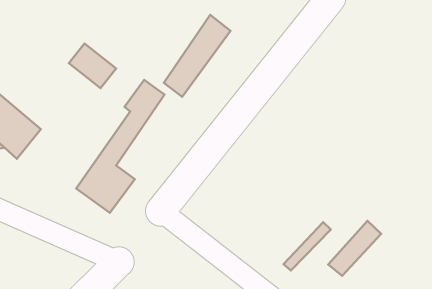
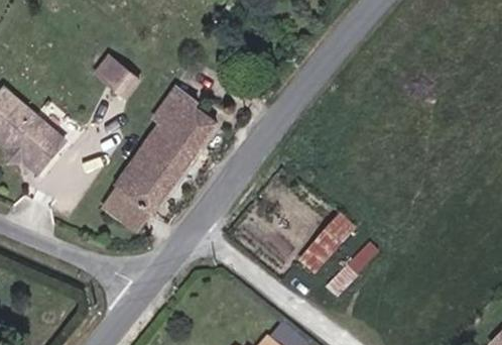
building: [164,15,231,97] -> [144,106,217,195]
building: [328,221,381,276] -> [297,212,355,271]

